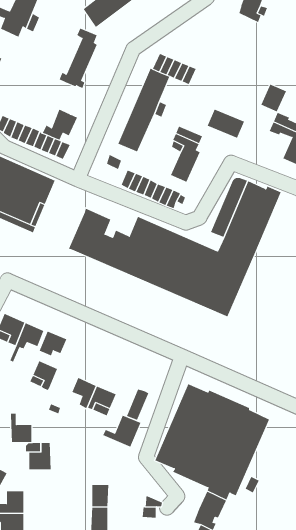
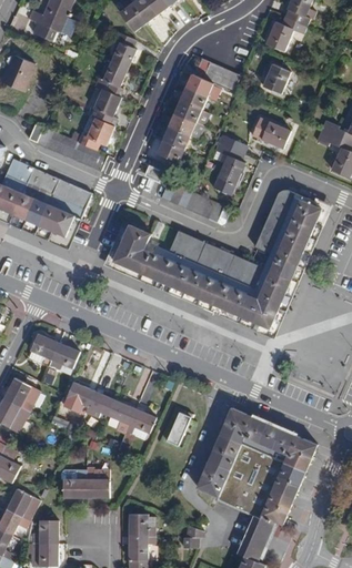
building: none -> [265,16,305,51]
building: none -> [87,89,121,122]
building: [260,84,287,112] -> [262,63,290,93]
building: [39,331,67,356] -> [84,390,114,417]
building: [10,413,32,443] -> [86,466,109,497]
building: [103,415,141,447] -> none

